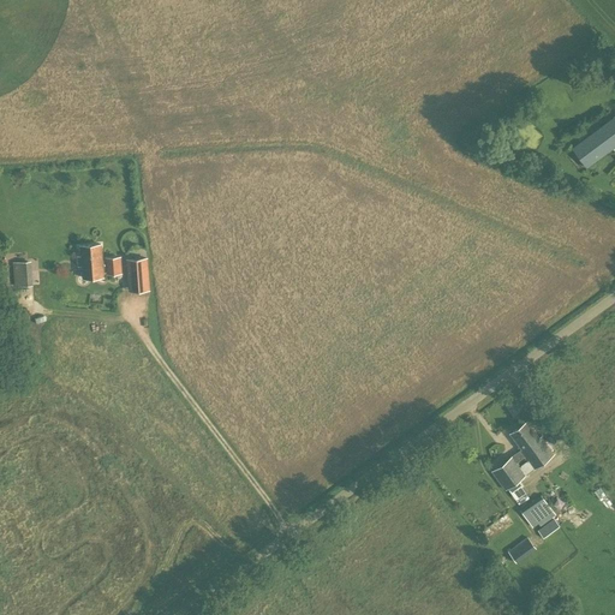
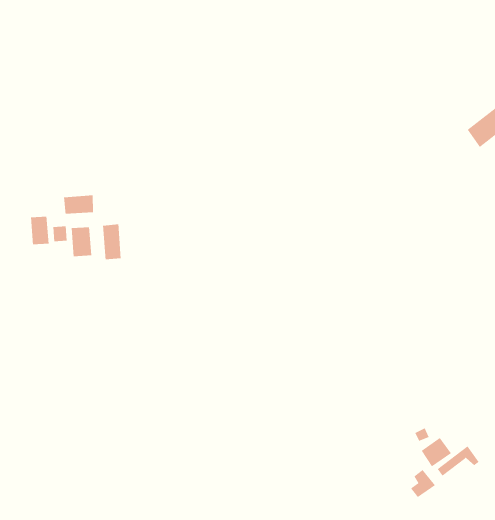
building: none -> [64,194,94,214]
building: none -> [103,224,121,260]
building: [491,423,554,491] -> none

